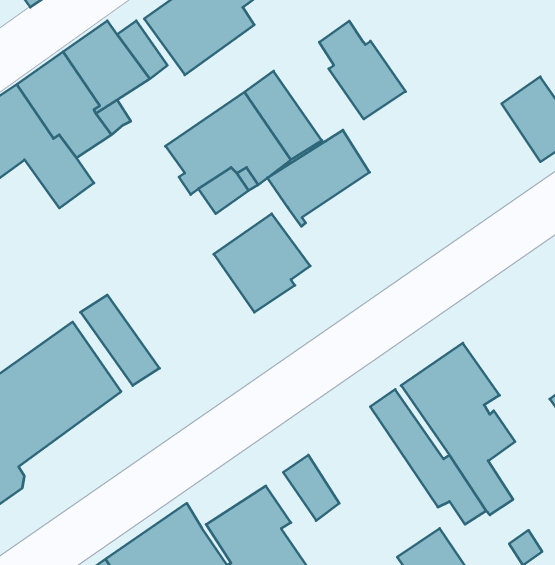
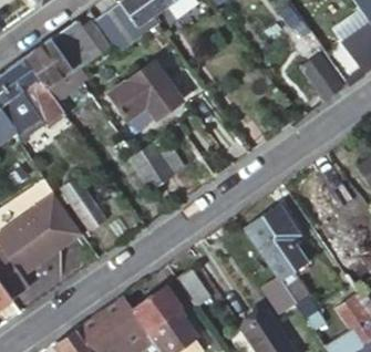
building: [319,21,406,119] -> none
building: [267,130,370,226] -> none

